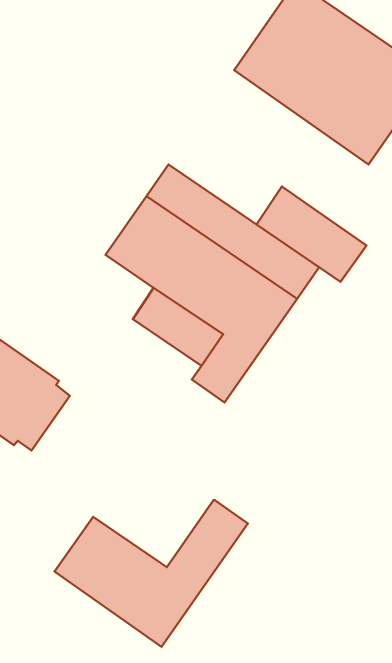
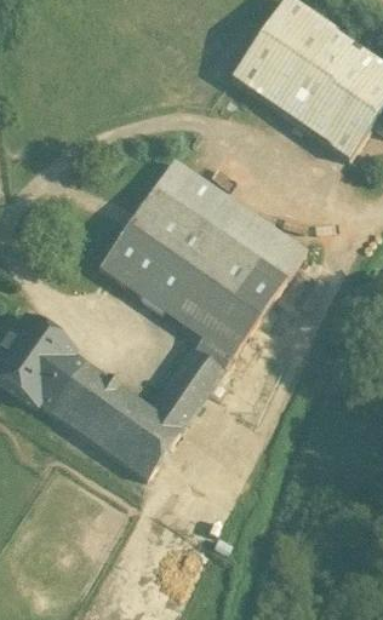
building: [257,187,367,282] -> none
building: none -> [98,237,160,294]
building: [55,500,248,647] -> [52,348,223,477]

